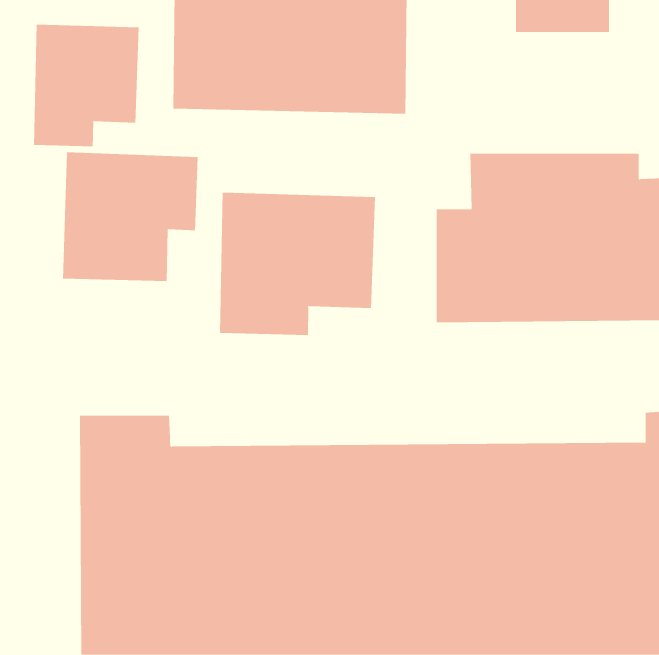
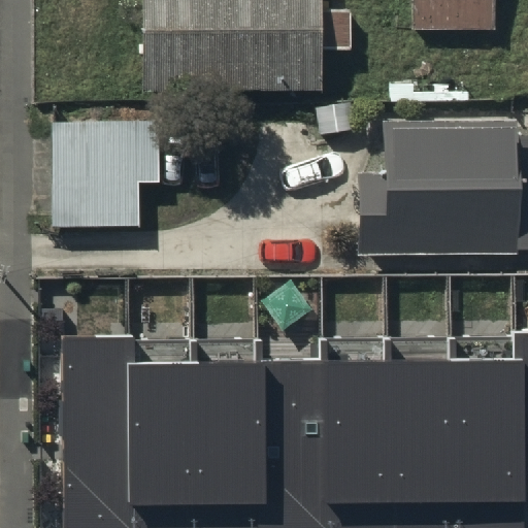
building: [33,24,139,147] -> none
building: [219,192,376,336] -> none

